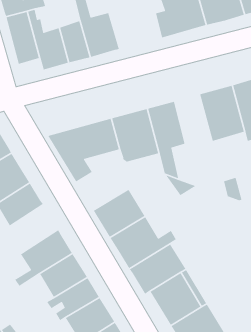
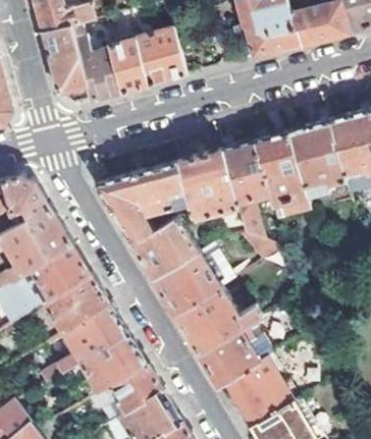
building: none -> [257,131,310,219]
building: none -> [131,217,199,280]
building: none -> [43,272,109,334]

